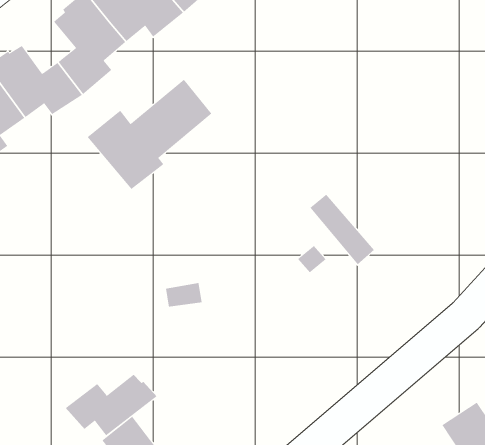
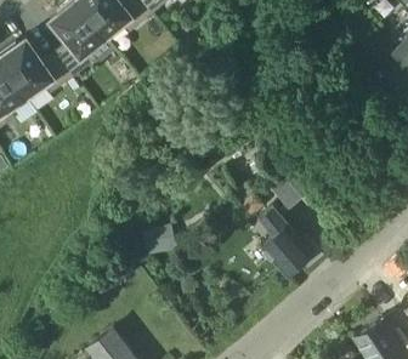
building: [87,79,212,190] -> none
building: none -> [259,206,318,277]
building: [65,374,157,436] -> none

